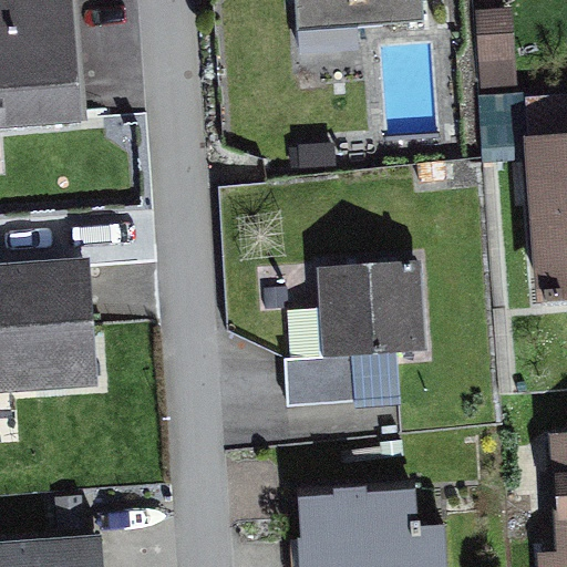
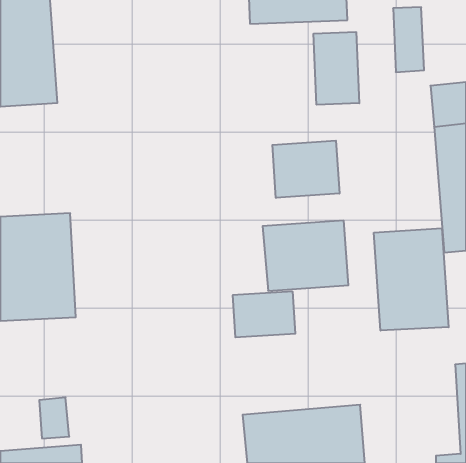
building: none -> [314,32,359,105]
building: none -> [272,141,339,198]
building: none -> [374,228,449,331]

